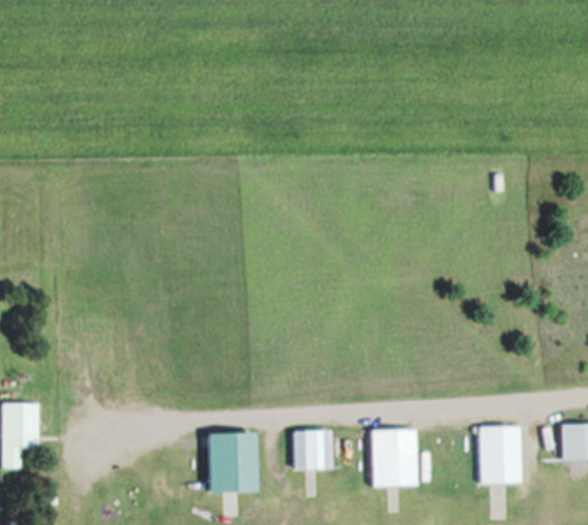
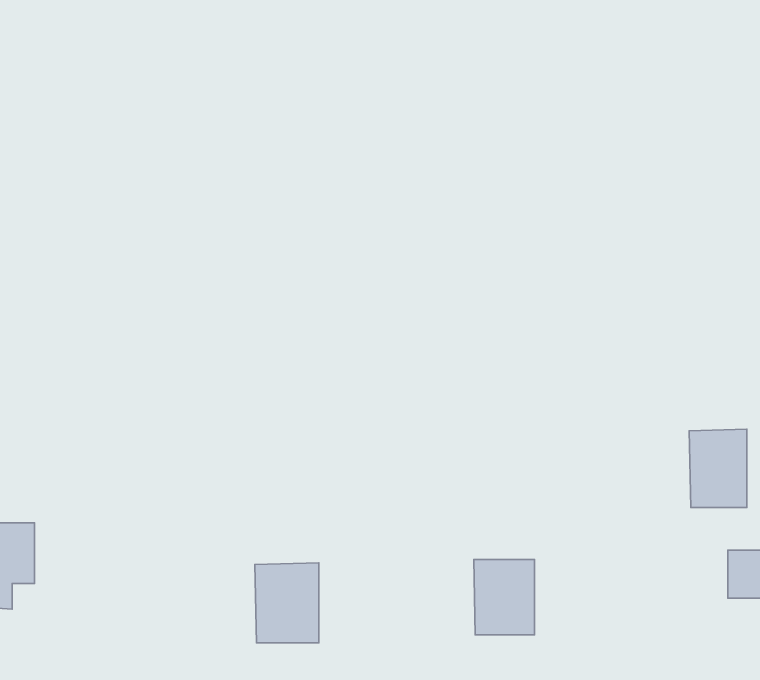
building: [478,425,522,484] -> [689,429,747,508]
building: [294,430,331,470] -> none

